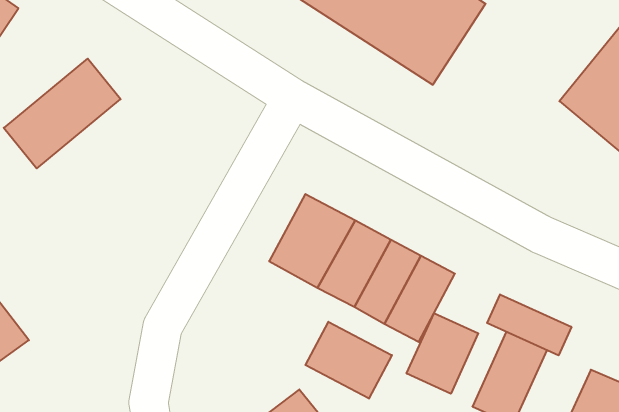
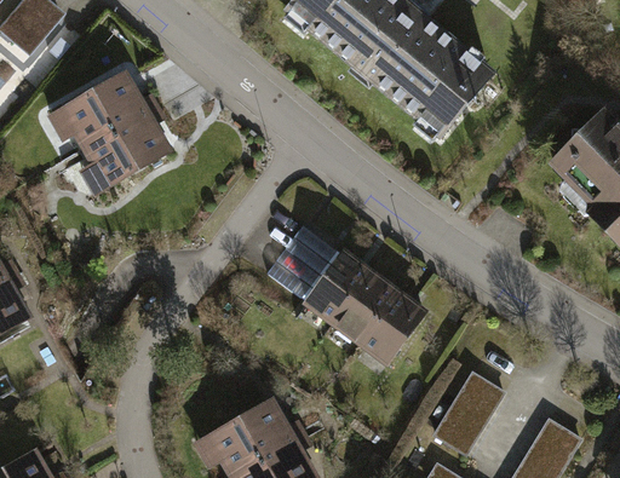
building: none -> [63,110,173,203]
building: [487,294,571,355] -> none
building: [407,313,478,394] -> none
building: [305,322,392,399] -> none

